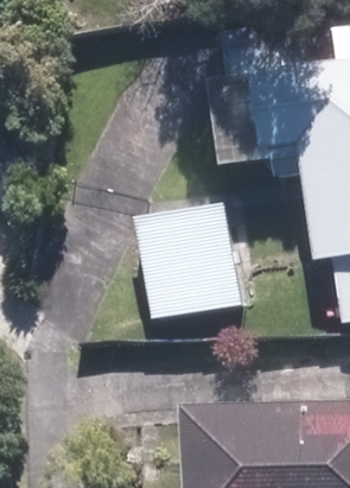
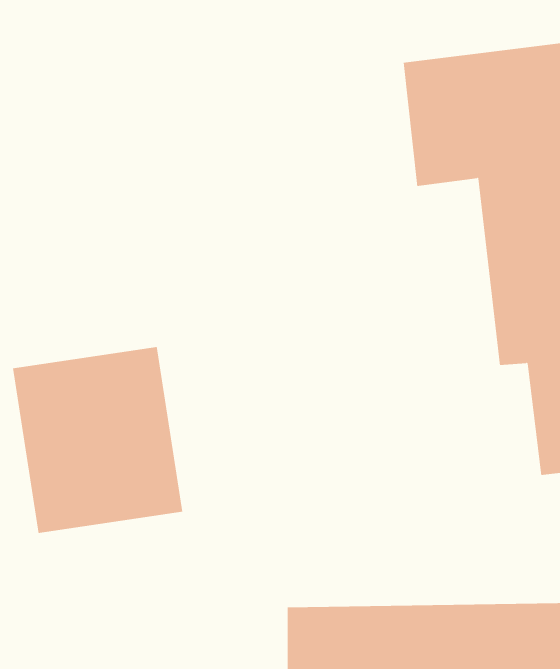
building: [134,204,237,317] -> [12,347,183,534]

